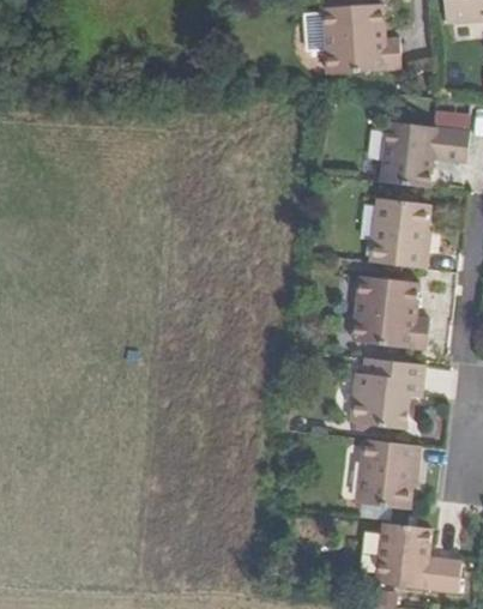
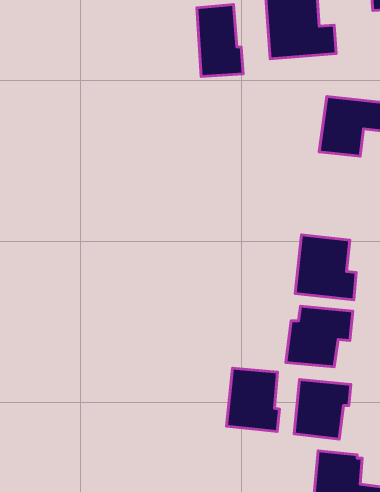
building: none -> [197,4,243,77]
building: [370,201,427,269] -> none
building: none -> [226,368,280,431]

